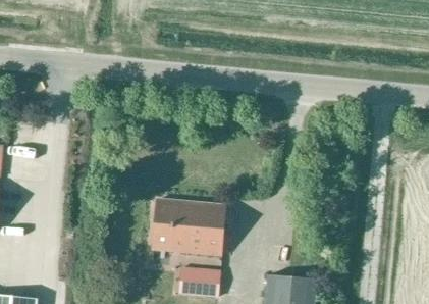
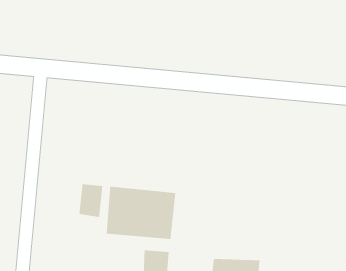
building: none -> [79,183,103,218]

